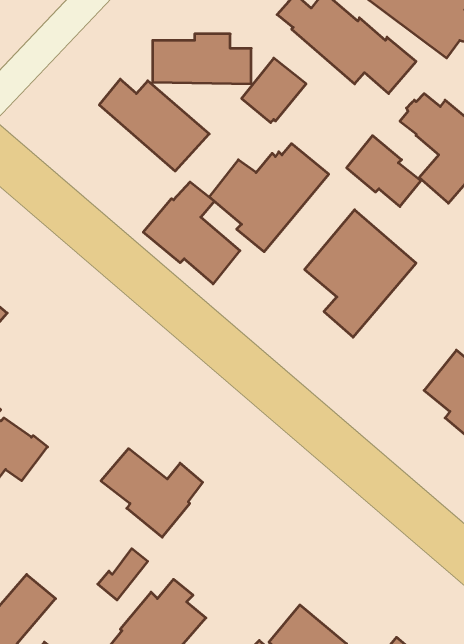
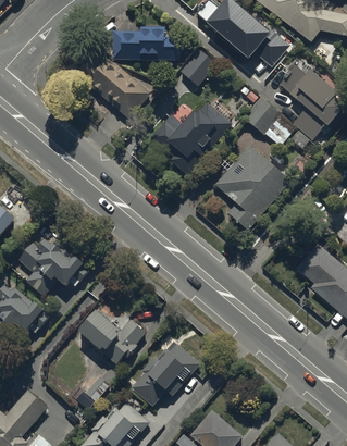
building: [143,182,240,284] -> none
building: none -> [18,234,92,295]
building: none -> [132,342,200,406]

